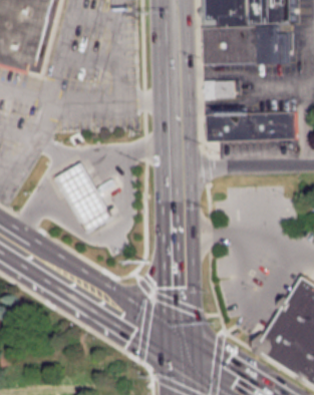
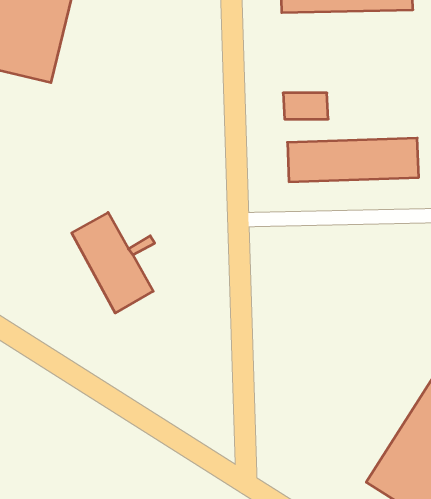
building: [203,24,286,63] -> none

